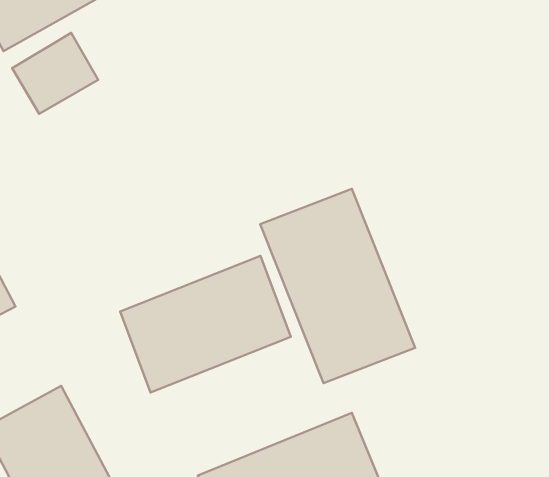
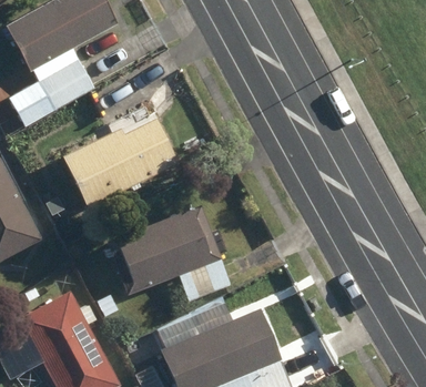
building: none -> [63,118,178,206]
building: [260,189,415,383] -> none

